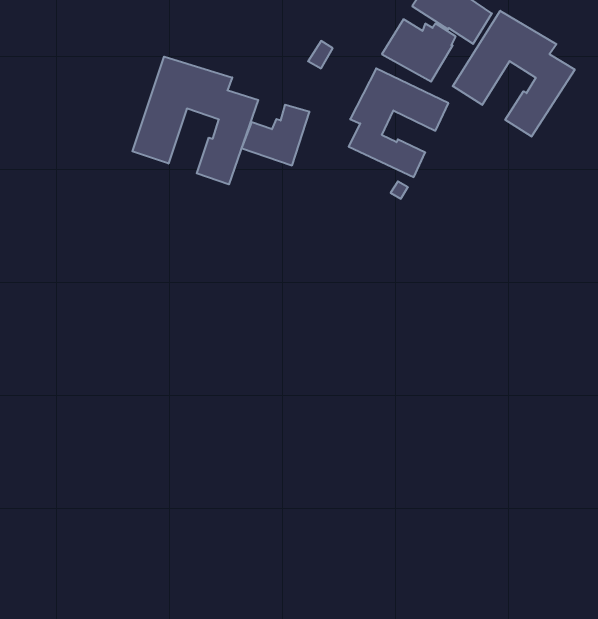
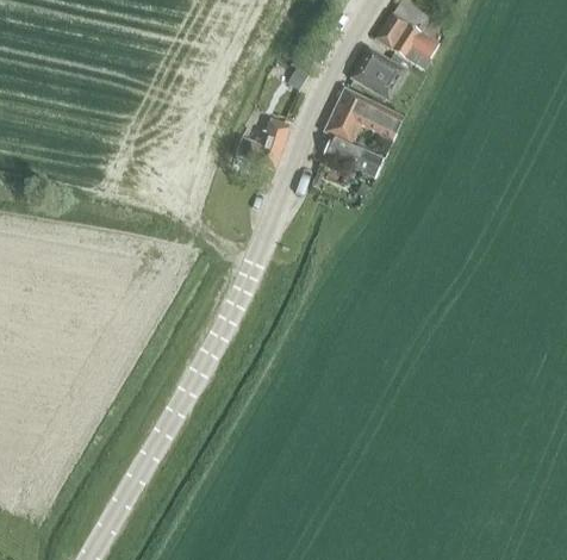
building: [453,11,575,137] -> none
building: [132,57,258,184] -> none

